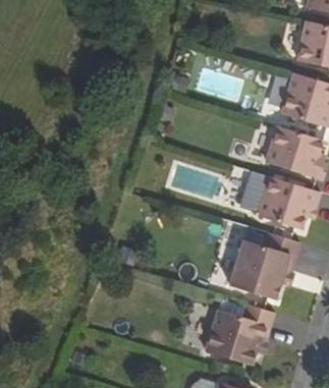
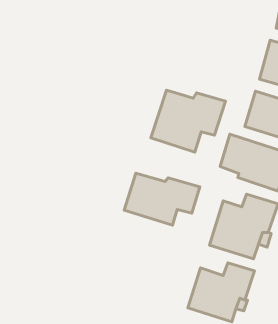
building: none -> [151,90,225,152]
building: none -> [124,173,200,225]

